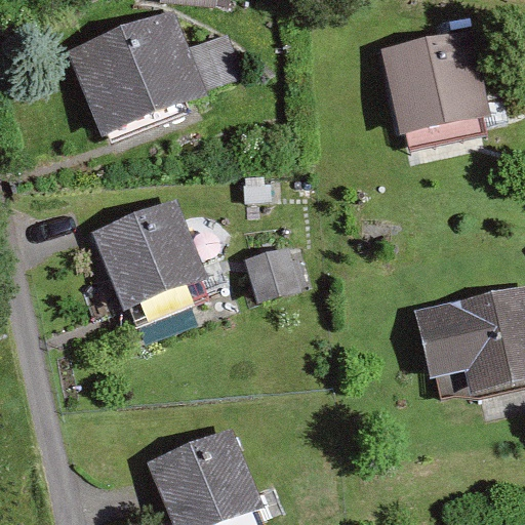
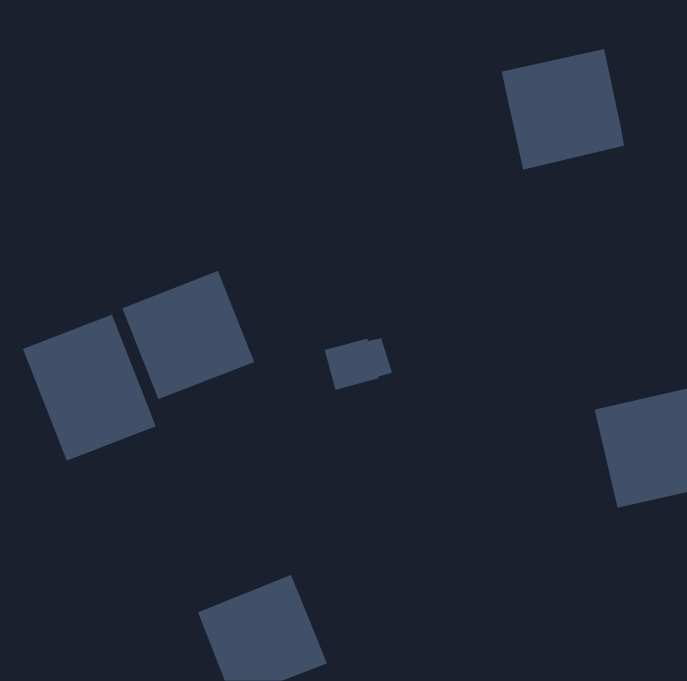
building: [71,15,179,129] -> none
building: none -> [22,314,157,462]

